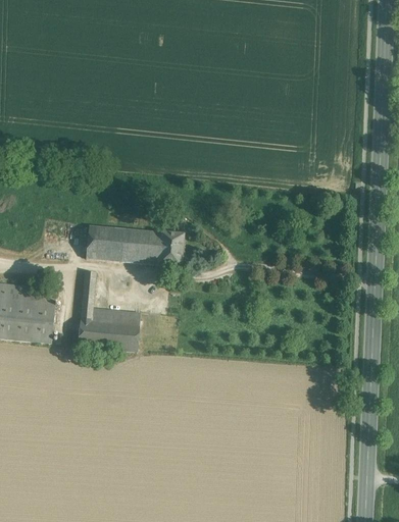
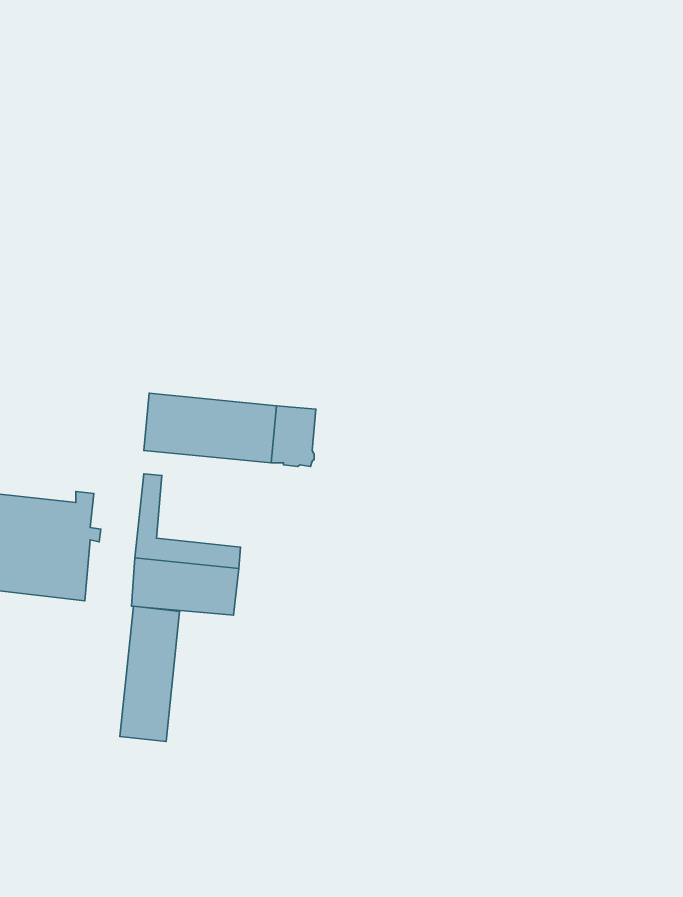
building: none -> [120,606,180,741]

